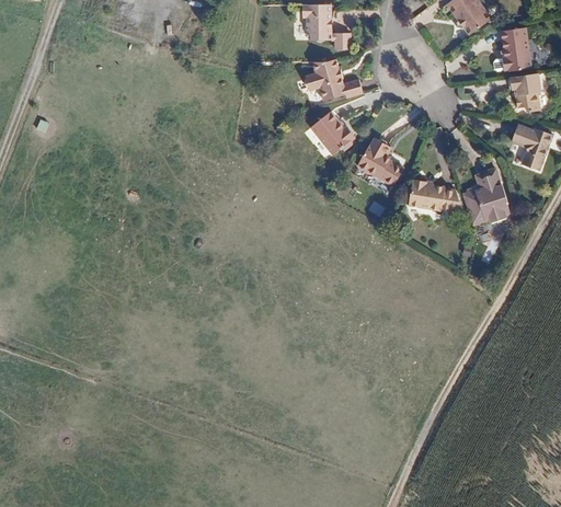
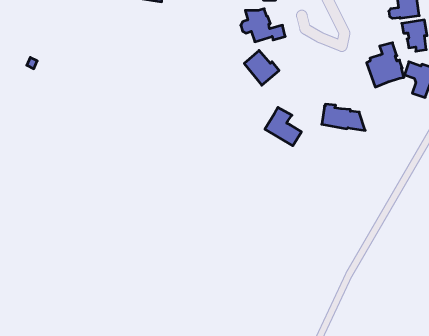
building: [357,138,403,186] -> [265,107,301,146]
building: [461,170,508,226] -> [367,43,404,87]

